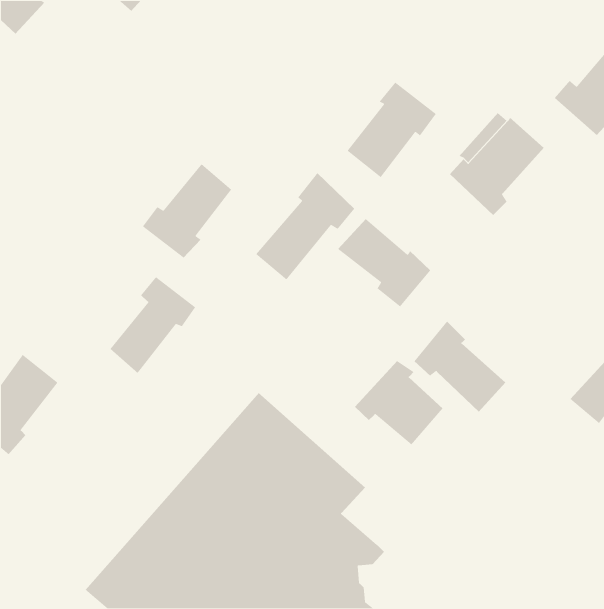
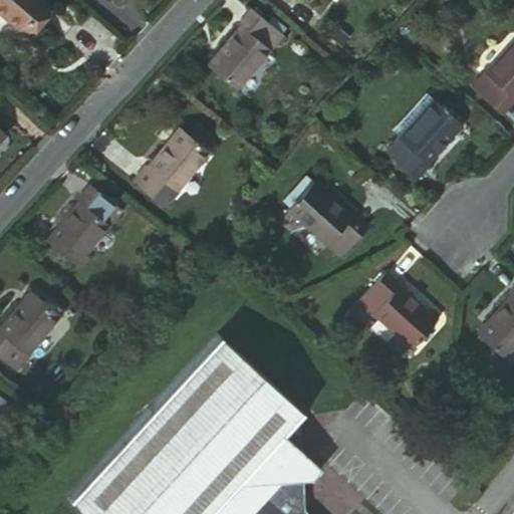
building: [346,82,437,178] -> [205,21,281,102]
building: [255,172,355,280] -> none
building: [109,276,196,374] -> [40,194,113,276]
building: [354,360,443,445] -> none

